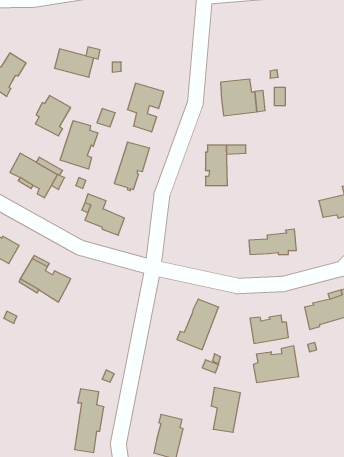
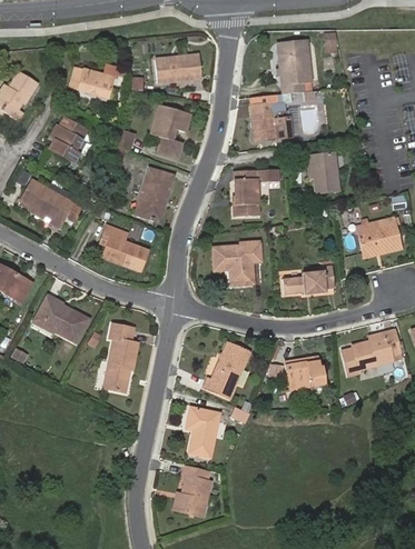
building: none -> [278,49,312,93]
building: none -> [155,53,201,82]
building: [60,121,98,169] -> none
building: none -> [308,152,342,192]
building: none -> [214,242,260,283]
building: [253,346,299,383] -> none
building: [211,388,240,432] -> [186,408,218,457]
building: [74,389,104,453] -> [105,322,137,392]

